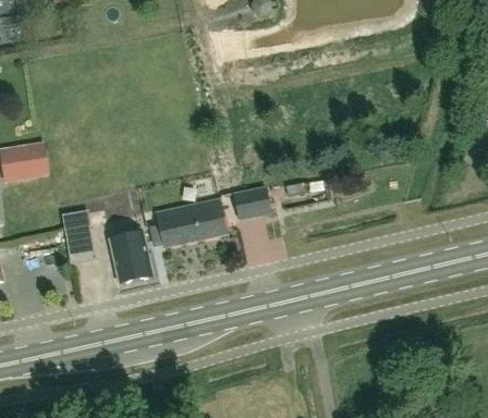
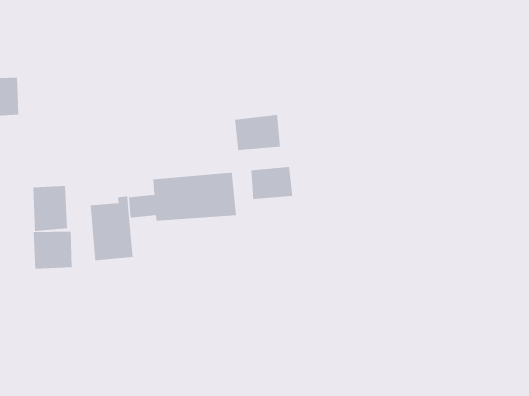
building: none -> [234,114,280,151]
building: none -> [33,231,72,270]

